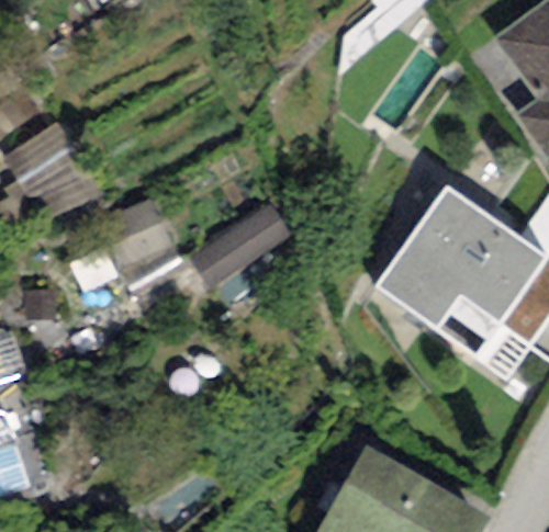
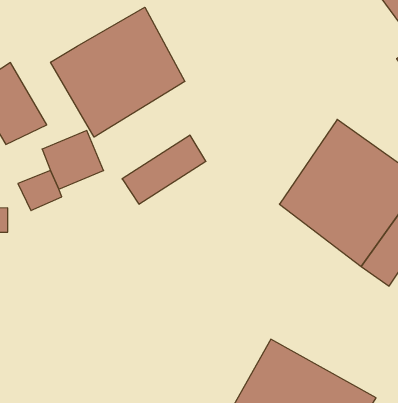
building: none -> [51,7,185,137]

